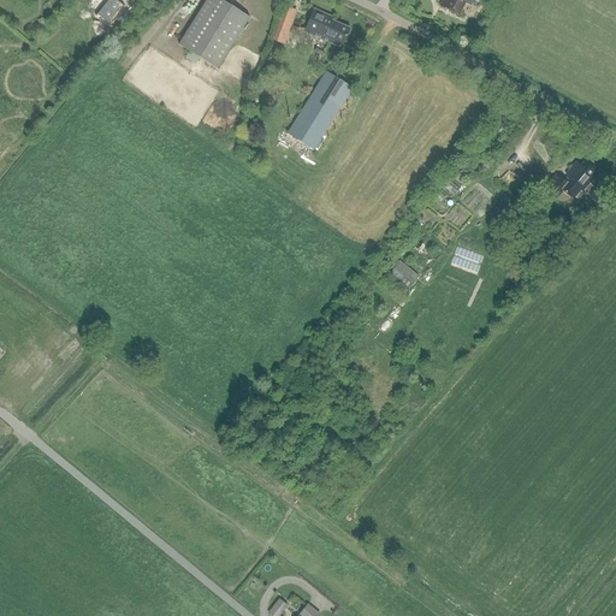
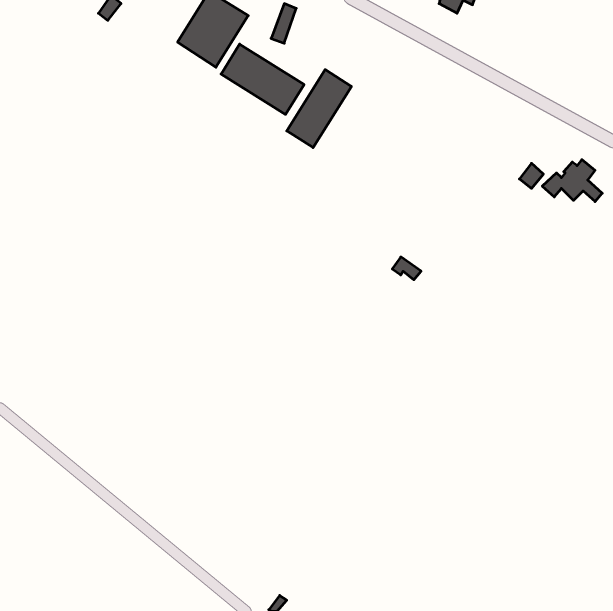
building: [304,7,349,46] -> none
building: none -> [221,44,304,114]

